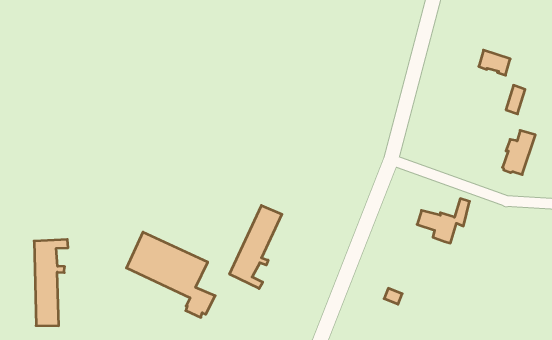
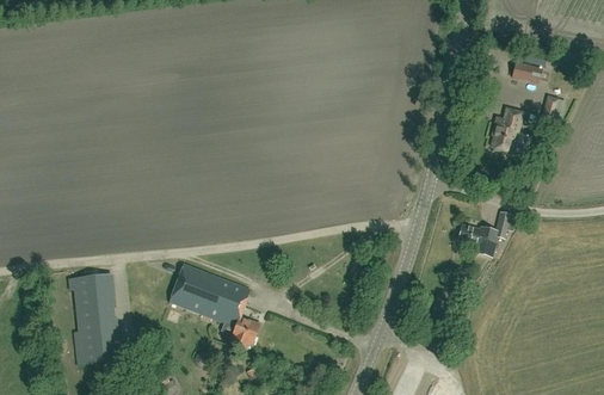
building: [502,130,535,175] -> [492,109,523,153]
building: [230,205,282,289] -> none

